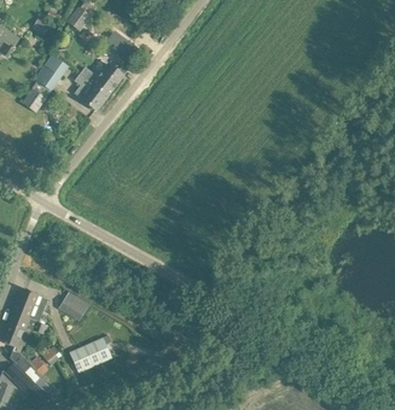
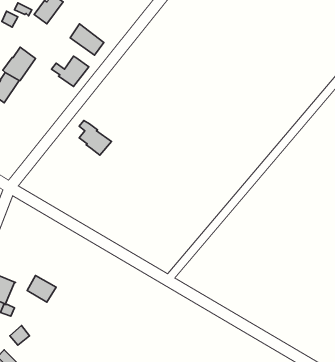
building: [74,72,108,109] -> [79,120,112,155]
building: [69,334,111,371] -> none

